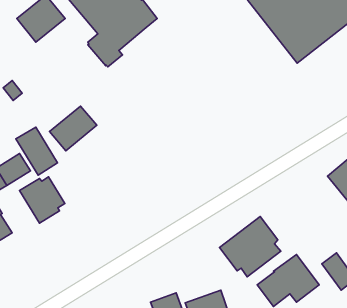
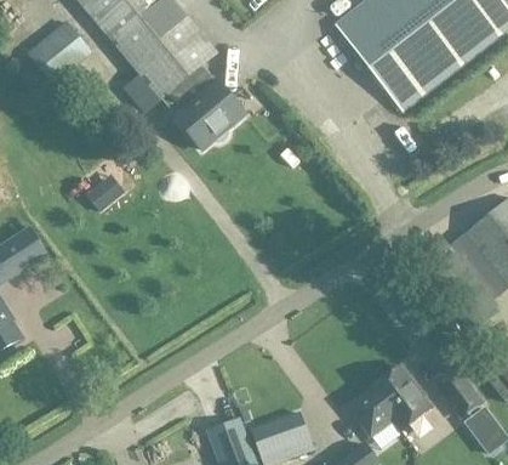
building: none -> [164,61,245,146]
building: [16,127,57,175] -> none
building: [20,177,65,223] -> none
building: [220,217,281,277] -> none

